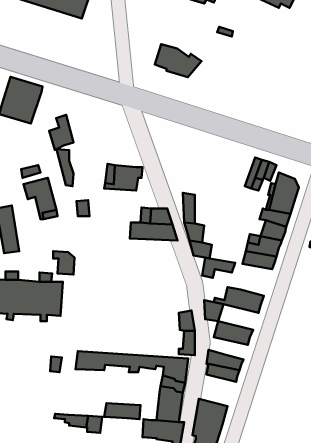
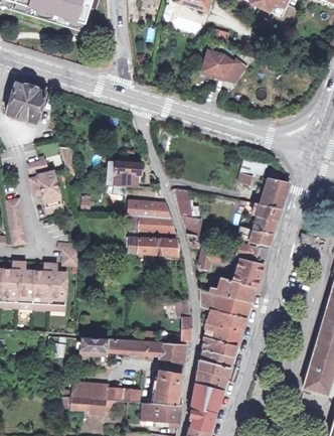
building: [155,44,202,77] -> [202,51,246,83]
building: [49,115,74,150] -> none
building: none -> [127,237,182,255]
building: none -> [234,258,264,285]
building: none -> [213,293,252,317]
building: none -> [206,323,241,345]
building: none -> [195,358,230,390]
building: none -> [71,384,108,400]

